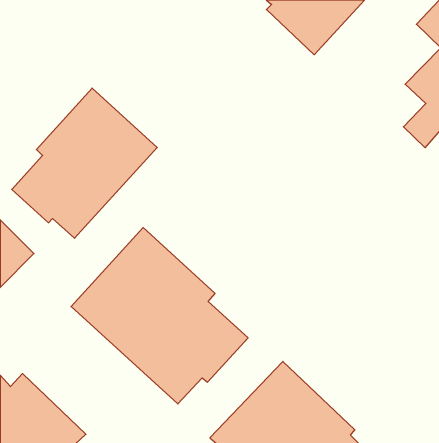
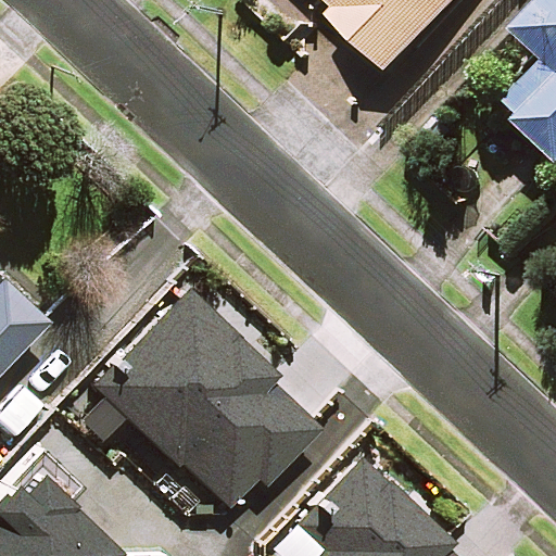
building: [12,88,157,238] -> none

